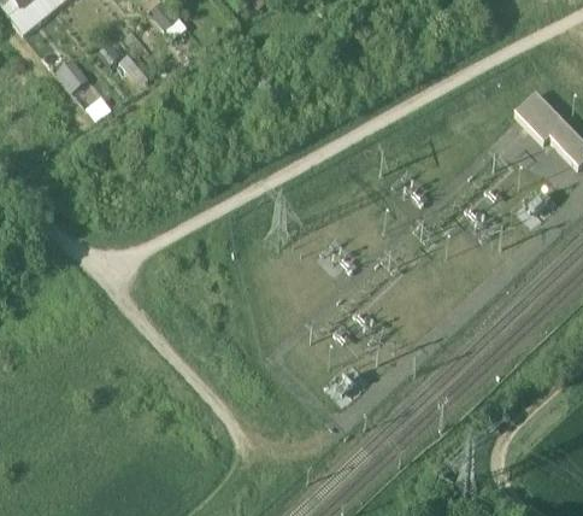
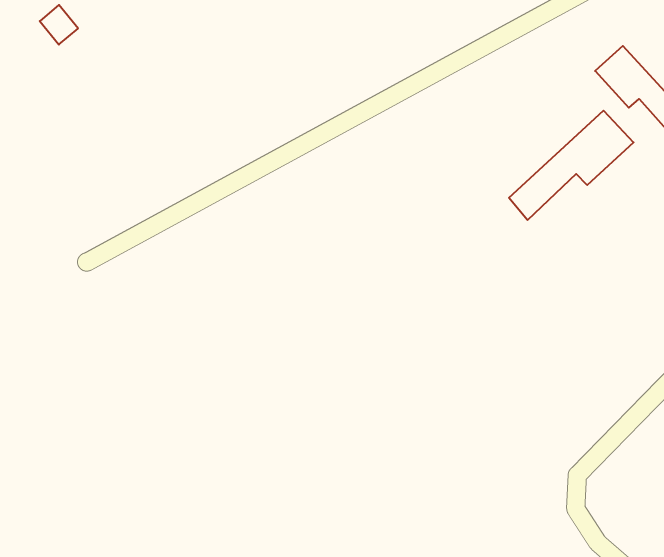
building: none -> [509,111,634,220]

